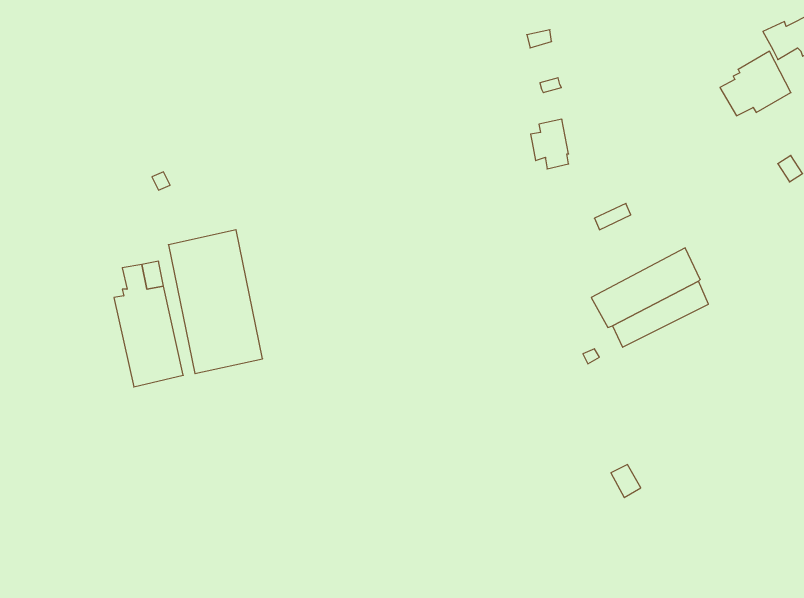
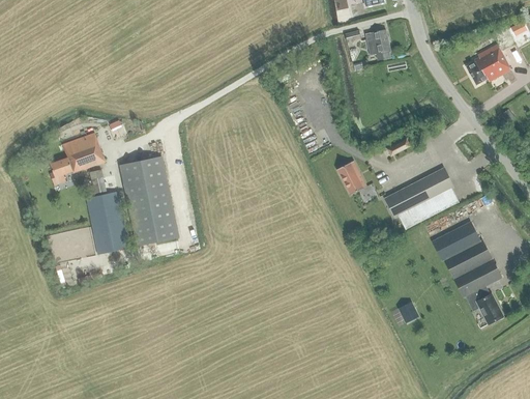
building: [531,119,569,169] -> [366,29,390,60]
building: none -> [50,133,106,184]
building: none -> [337,161,366,195]
building: none -> [430,223,503,324]

